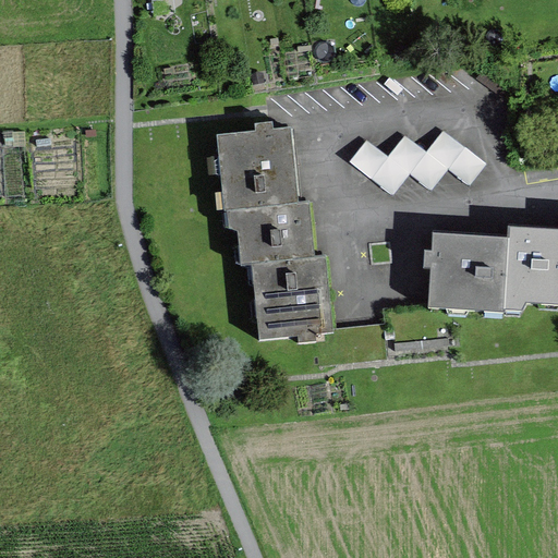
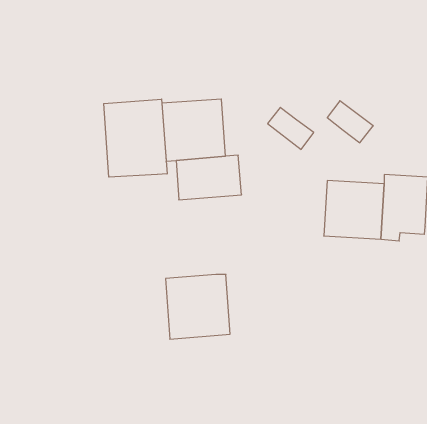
building: none -> [104,99,167,177]
building: [388,135,448,190] -> none
building: [251,253,335,337] -> [166,274,230,339]

